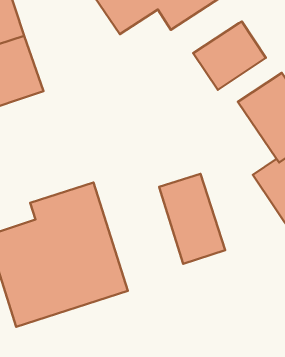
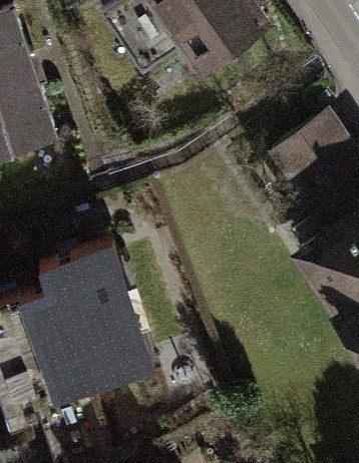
building: [193,21,266,90] -> none
building: [159,174,225,264] -> none

